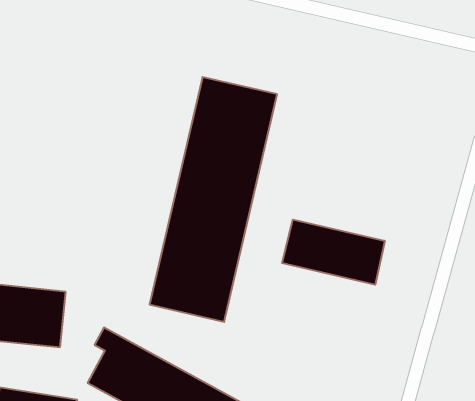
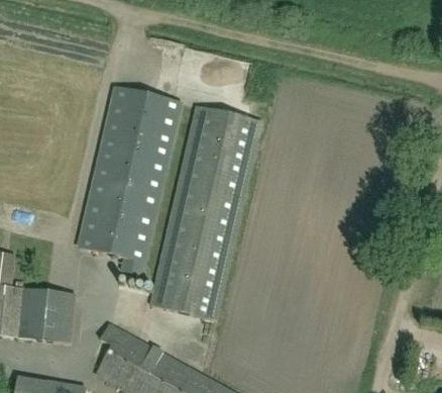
building: none -> [78,86,180,274]
building: [282,220,385,285] -> none

